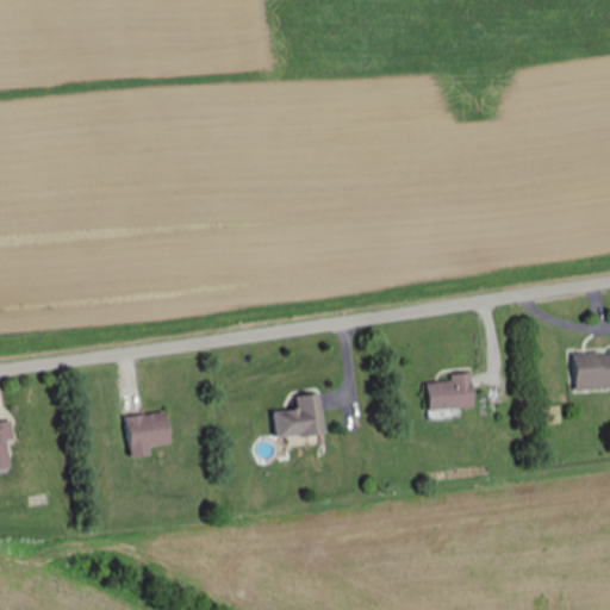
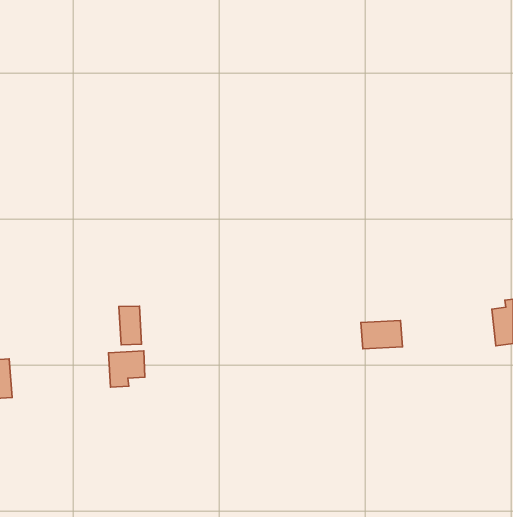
building: none -> [119,306,142,345]
building: [274,393,324,437] -> none

